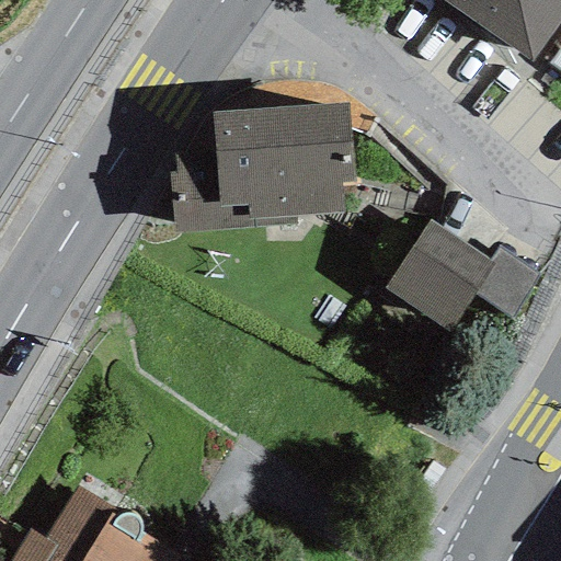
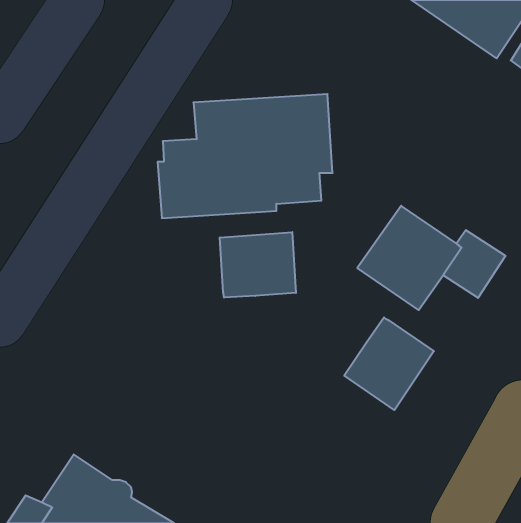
building: none -> [220,232,296,298]
building: none -> [344,317,434,410]

